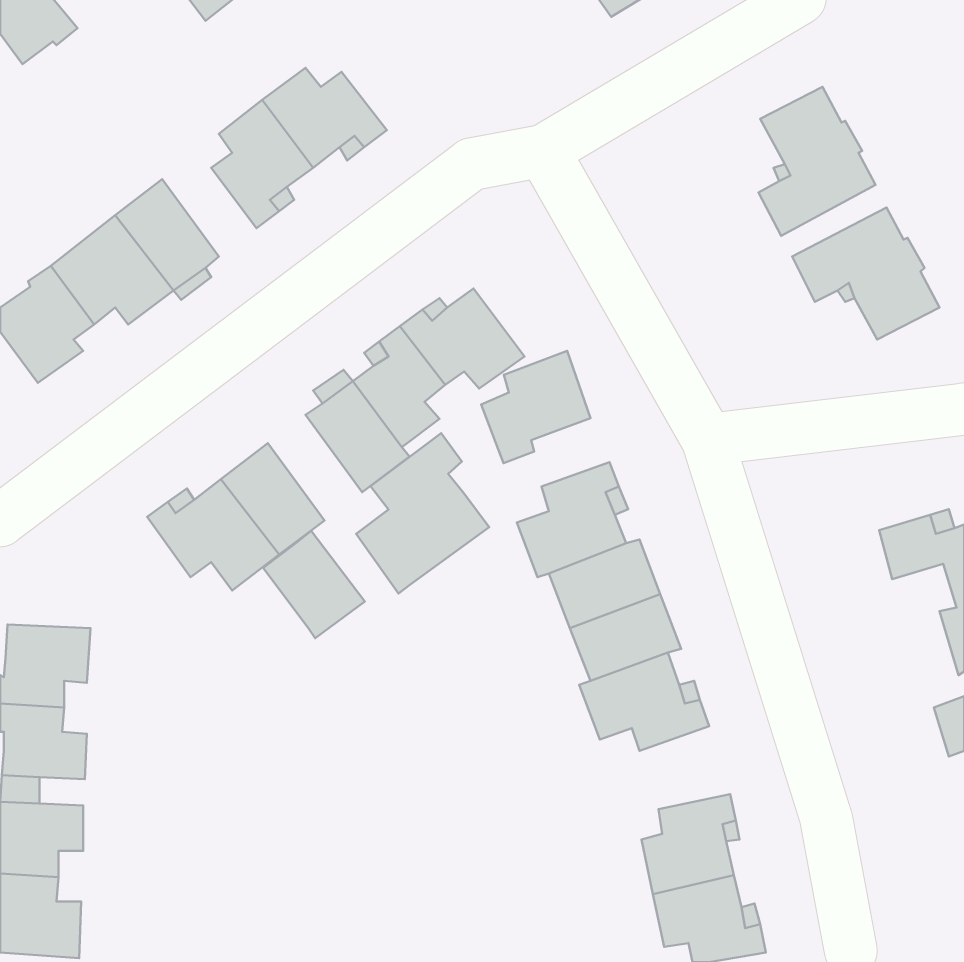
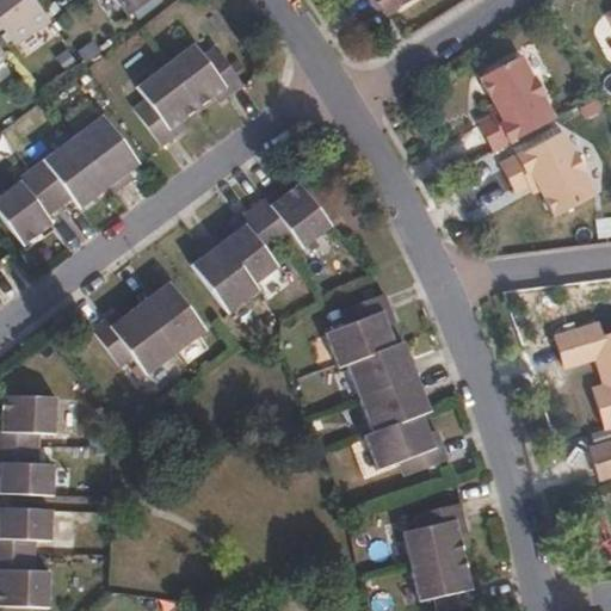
building: [481,351,590,463] -> none
building: [356,433,489,593] -> none
building: [263,531,365,638] -> none

